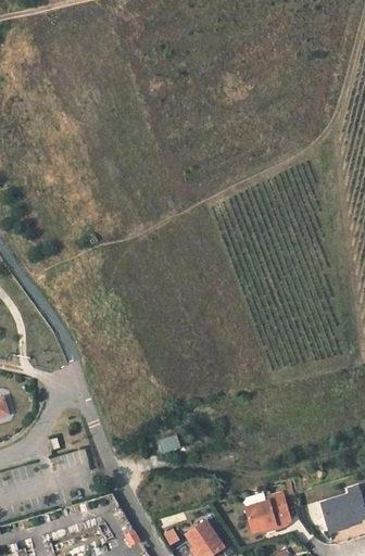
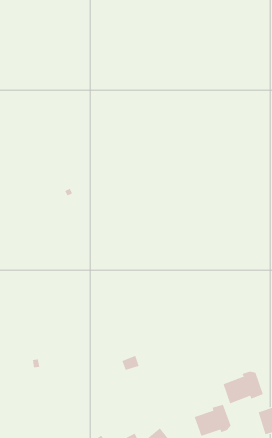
building: none -> [223,371,263,404]

